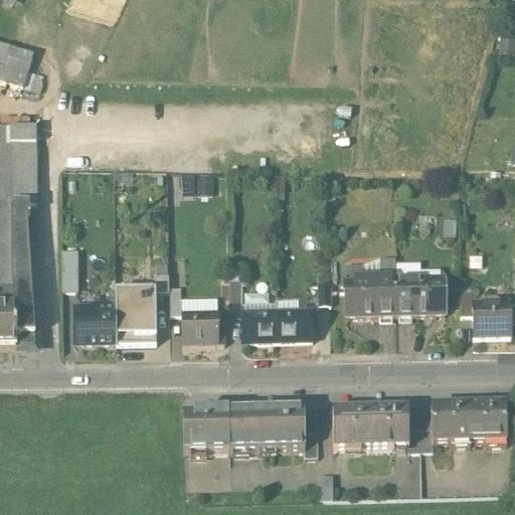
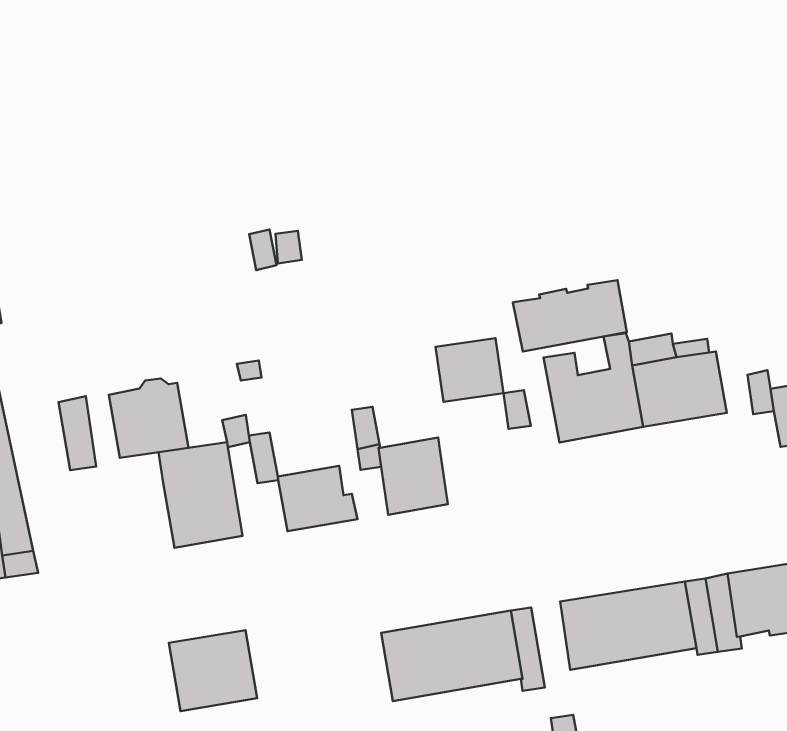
building: none -> [513,280,627,352]
building: [74,299,116,341] -> [109,378,188,458]
building: [277,307,312,339] -> [435,338,503,402]
building: [182,407,228,449] -> [169,630,257,711]

